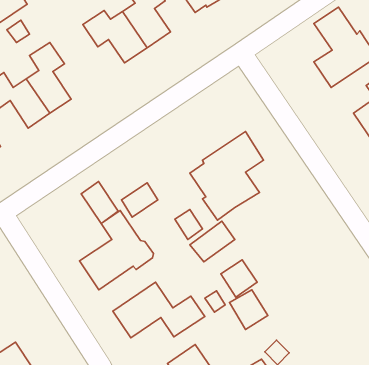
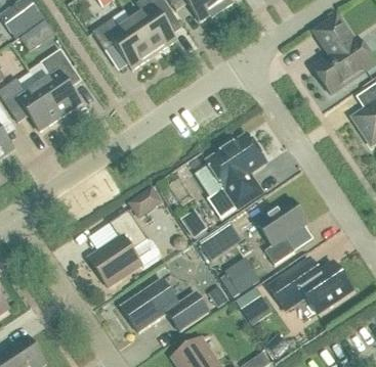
building: [81,181,118,223] -> none
building: none -> [257,198,307,264]
building: none -> [269,259,351,312]

